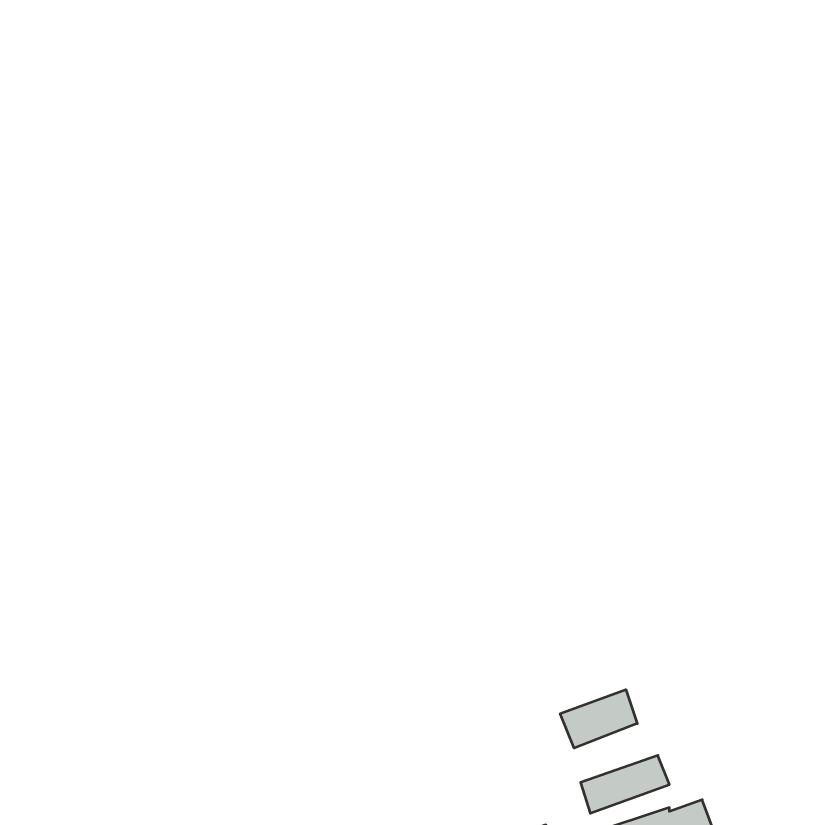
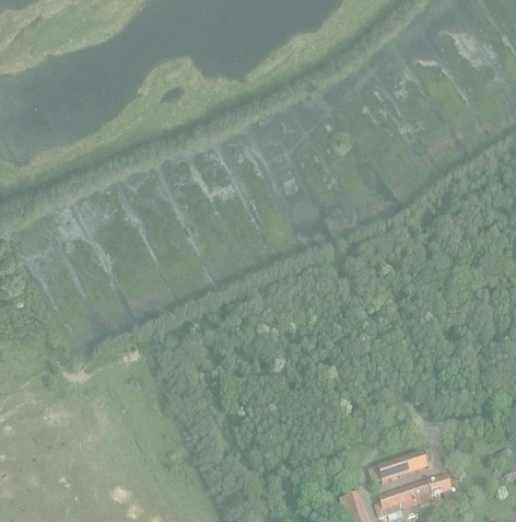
building: [560,690,637,748] -> none

